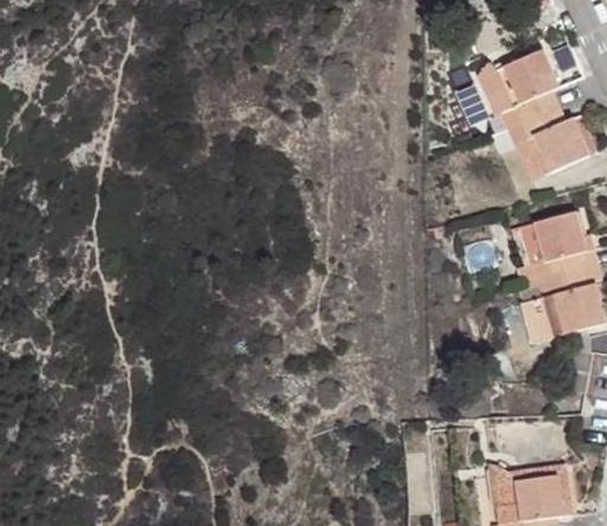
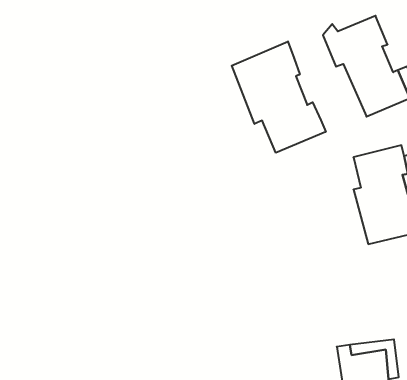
building: none -> [232,41,326,153]

